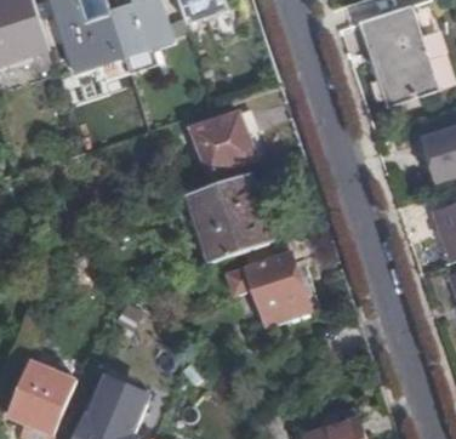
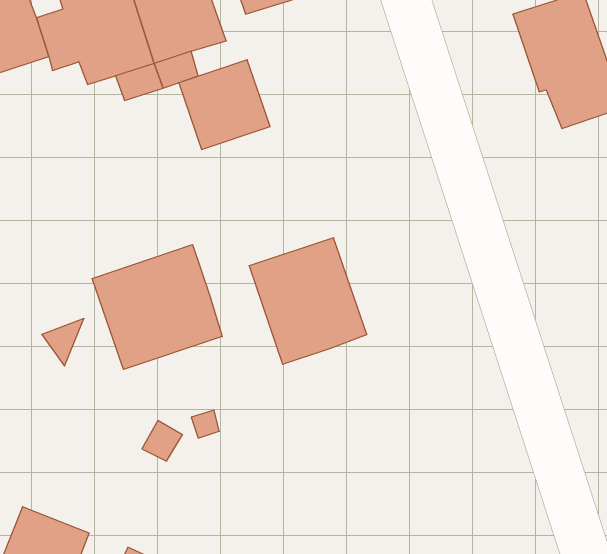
building: [189,112,252,173] -> [179,60,270,150]
building: none -> [92,245,222,369]
building: [230,236,301,312] -> none

